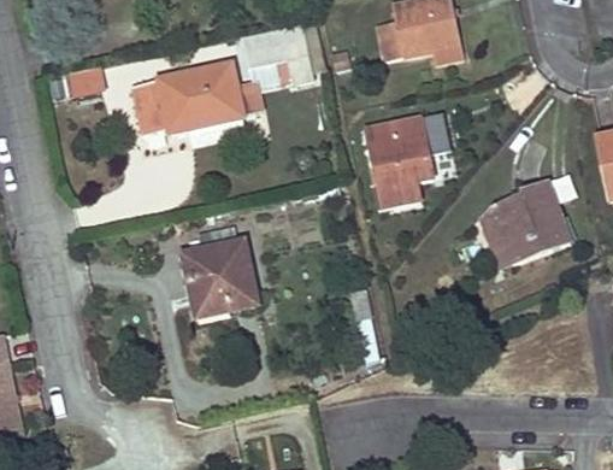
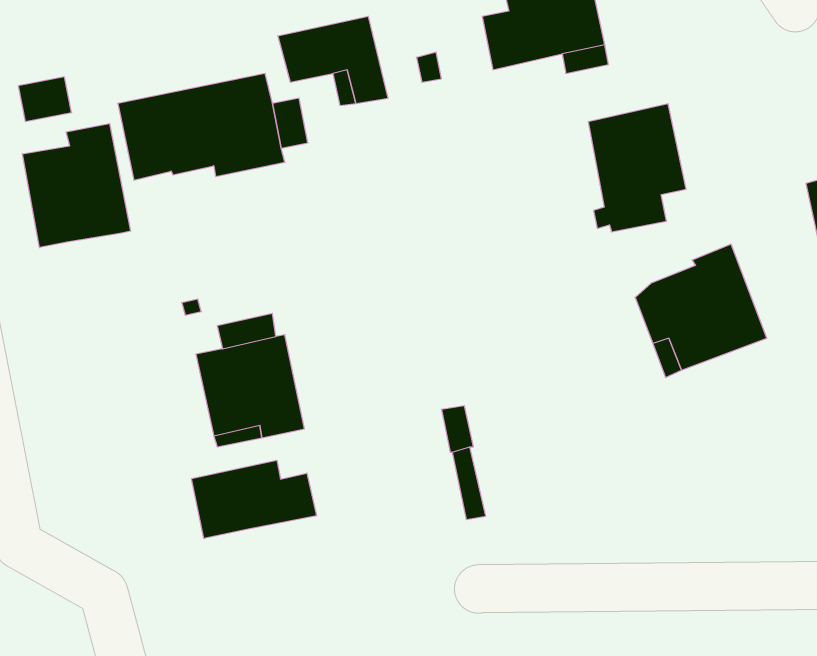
building: none -> [22,124,130,248]
building: [366,118,432,205] -> [588,104,686,232]
building: none -> [191,460,317,539]

